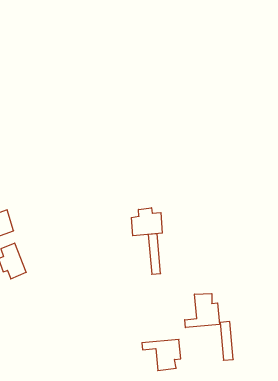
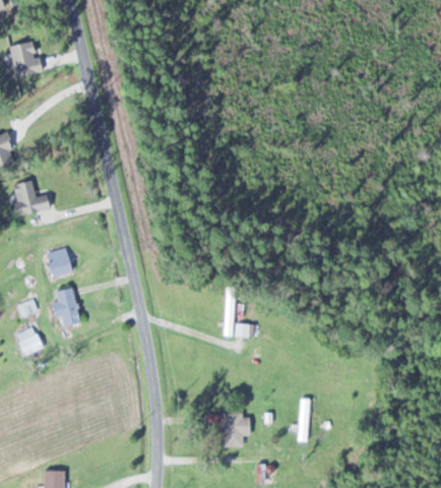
building: [131,208,162,236] -> none
building: [185,294,219,328] -> none

